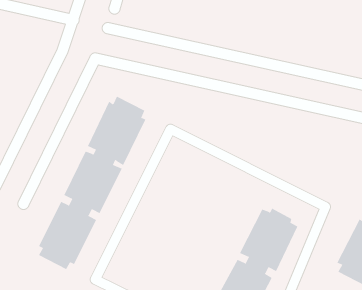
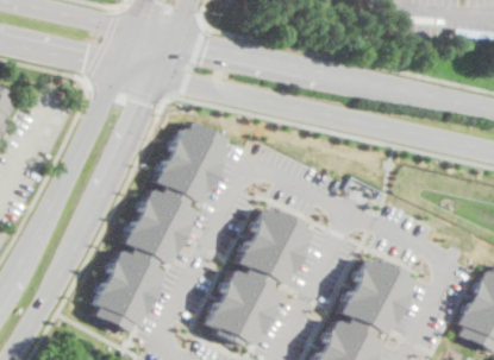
building: none -> [211,207,313,343]

